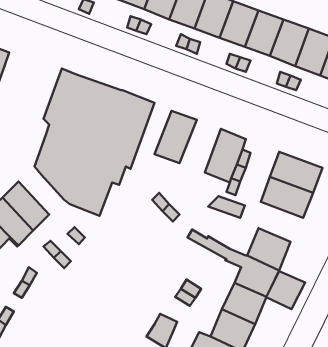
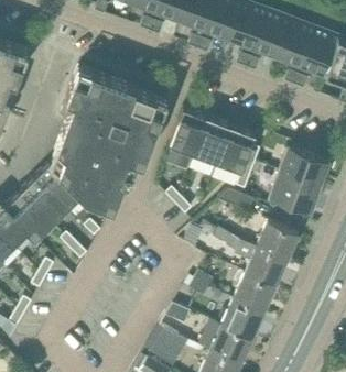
building: none -> [191,118,230,168]
building: none -> [35,163,79,209]
building: [266,271,305,309] -> none

